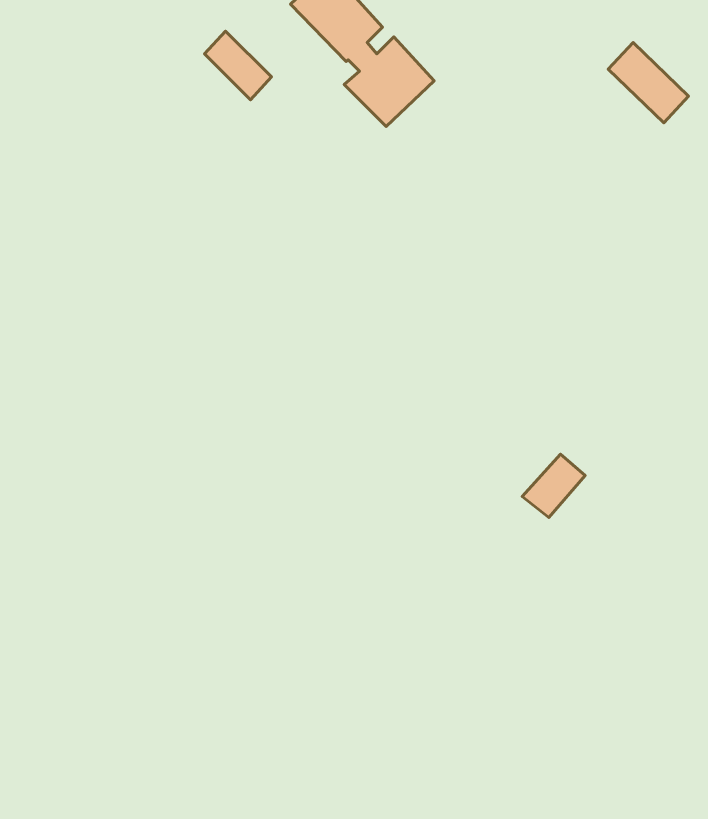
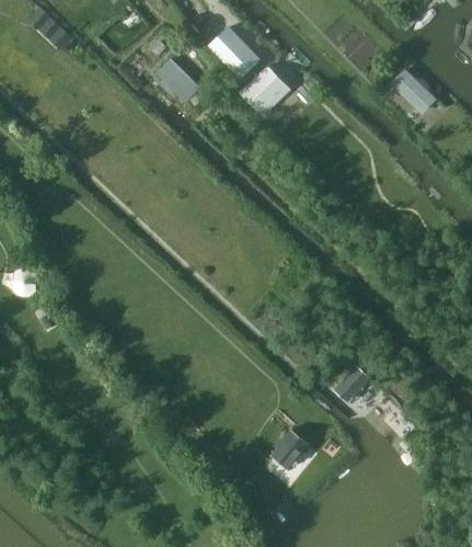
building: [522,454,585,517] -> [334,365,370,401]
building: none -> [270,429,310,469]

